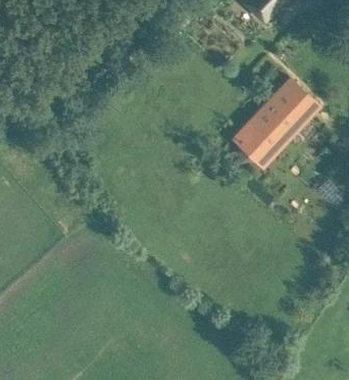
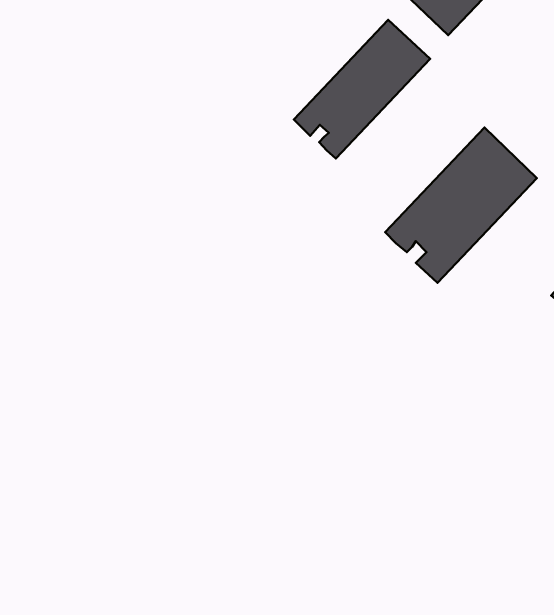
building: none -> [294,20,430,158]

